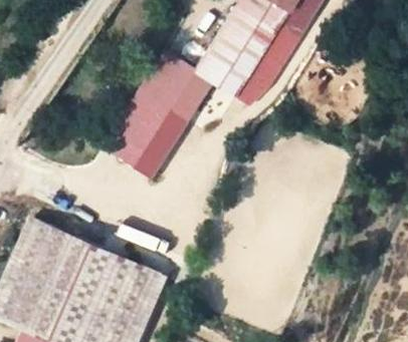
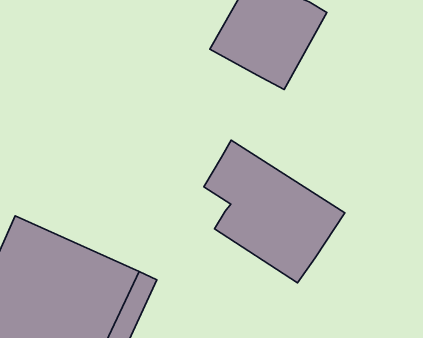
building: [100,53,210,179] -> none
building: none -> [204,140,345,283]

